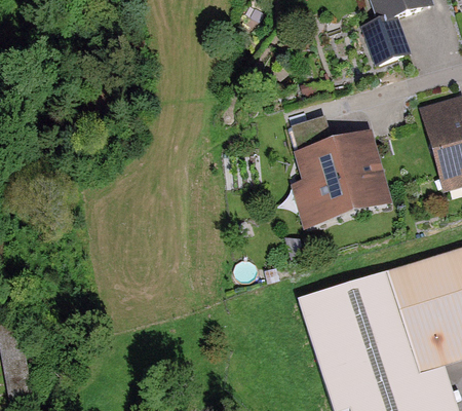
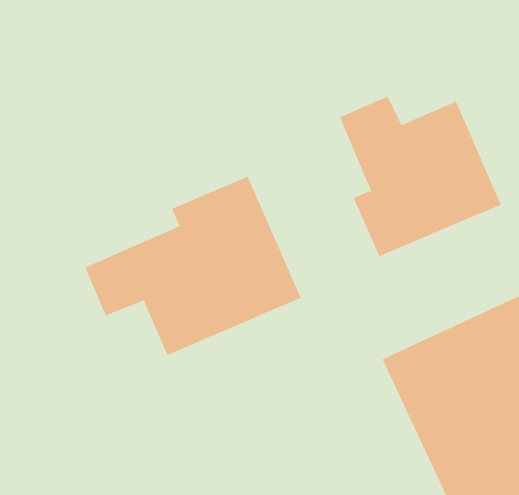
building: none -> [84,176,301,356]

